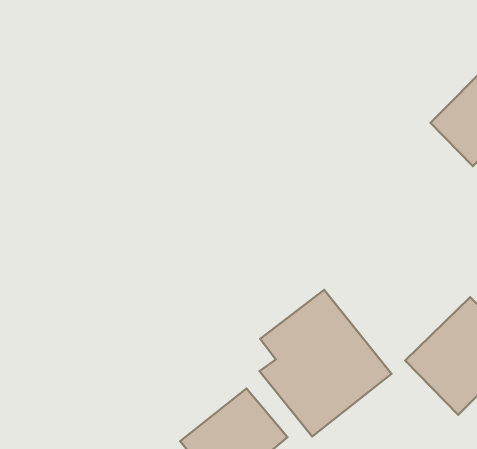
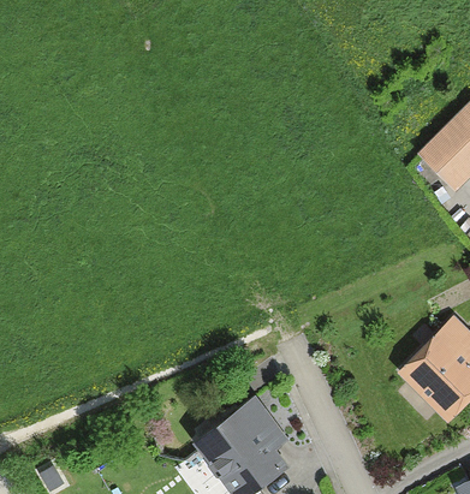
building: [260,290,391,436] -> none

